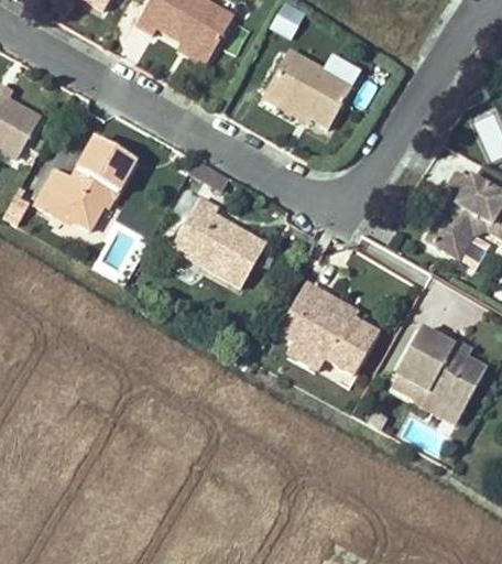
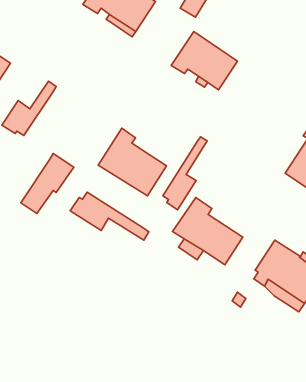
building: [67,142,137,226] -> [21,154,74,214]
building: none -> [163,137,207,210]
building: none -> [70,192,149,240]

